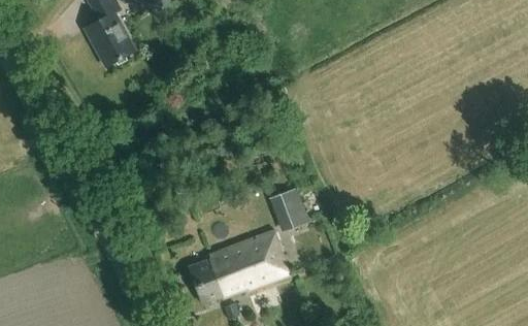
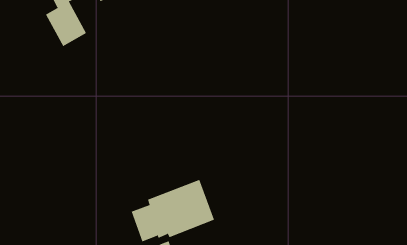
building: [270,186,306,228] -> none

